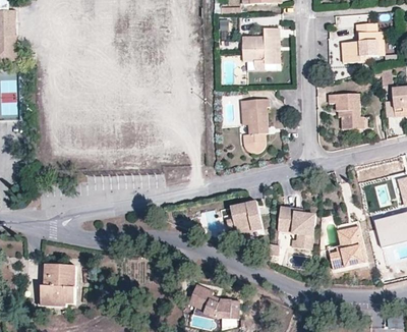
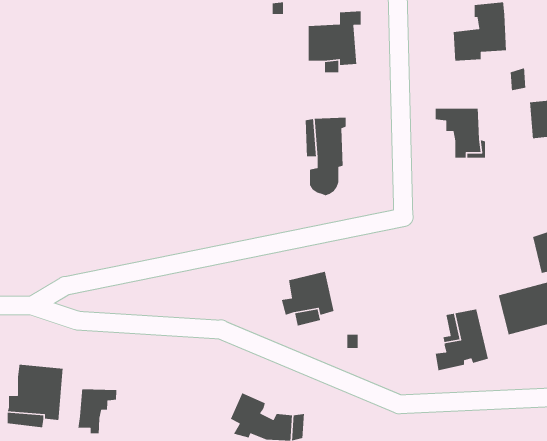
building: [277,207,314,248] -> none
building: none -> [78,389,117,434]

